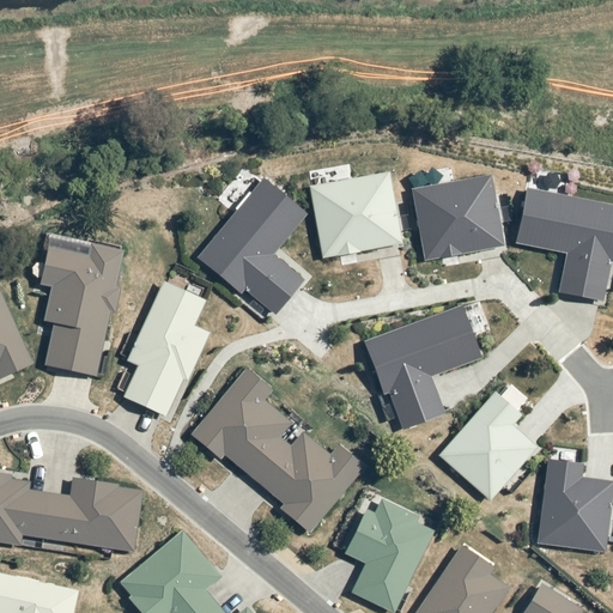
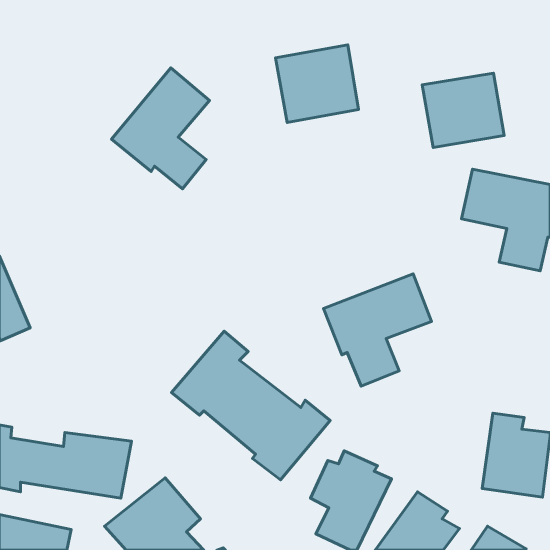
building: [306,171,399,257] -> [275,45,358,122]
building: [411,176,502,259] -> [422,73,504,148]
building: [195,178,304,312] -> [111,68,209,189]
building: [42,243,125,377] -> none
building: [122,283,207,418] -> none
building: [435,392,535,502] -> none

